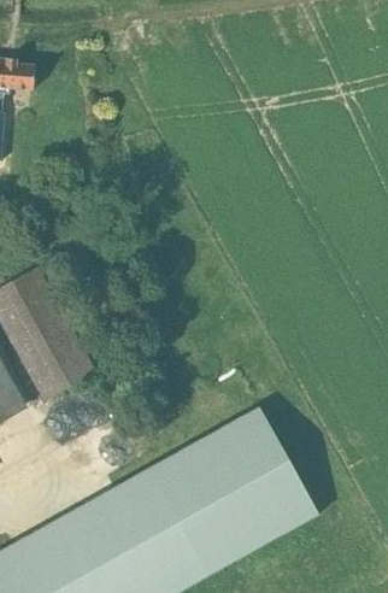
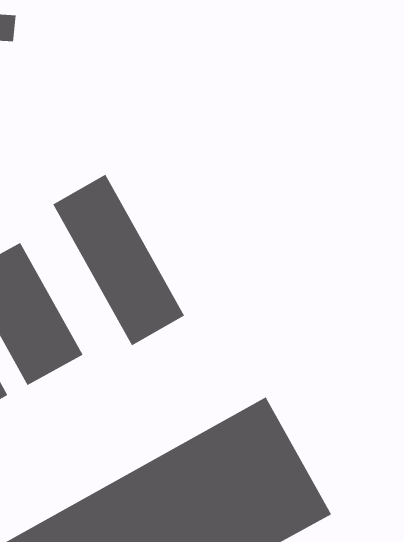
building: none -> [53,174,185,346]

